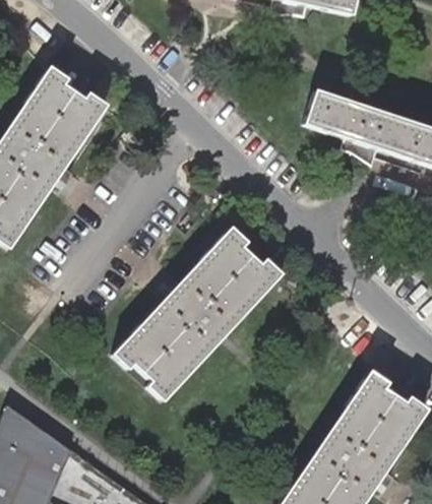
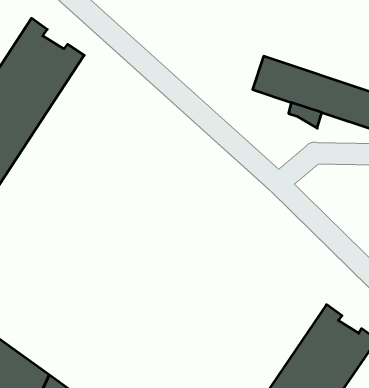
building: [121,225,286,401] -> none

